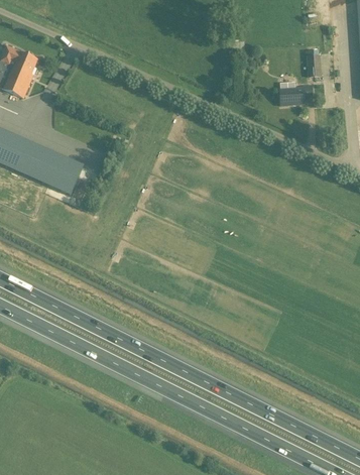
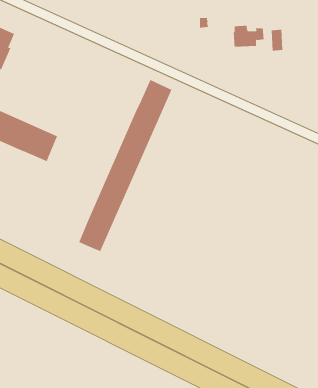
building: [279,80,313,103] -> [233,25,264,47]
building: none -> [78,79,172,252]

